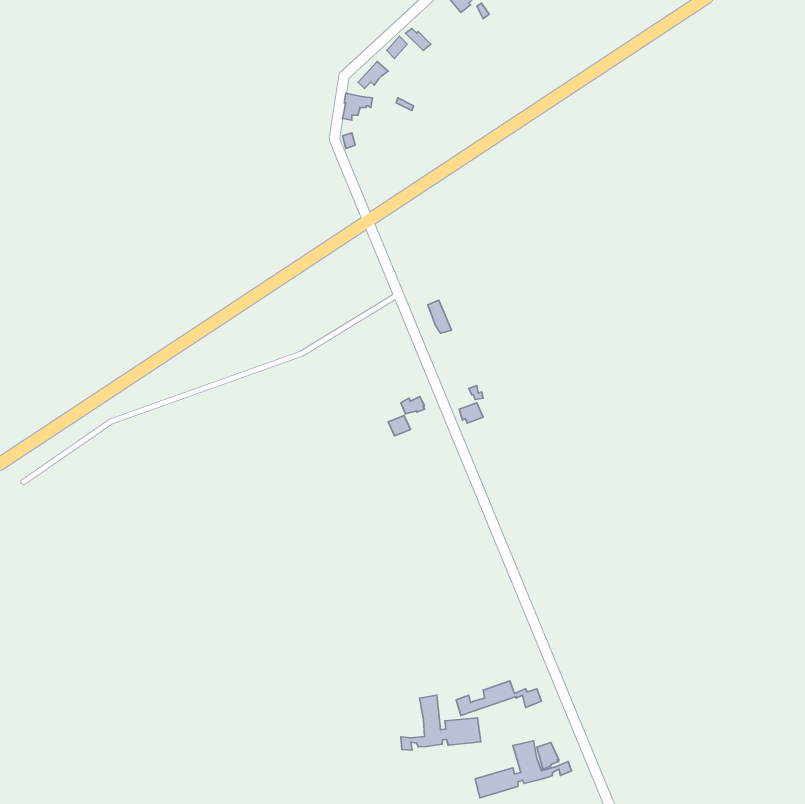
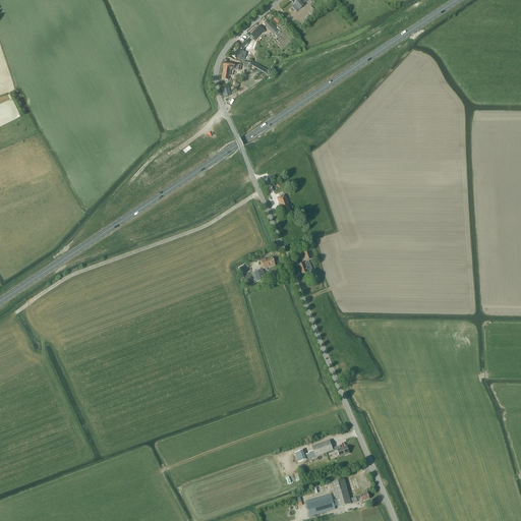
building: [401,695,481,750] -> none

